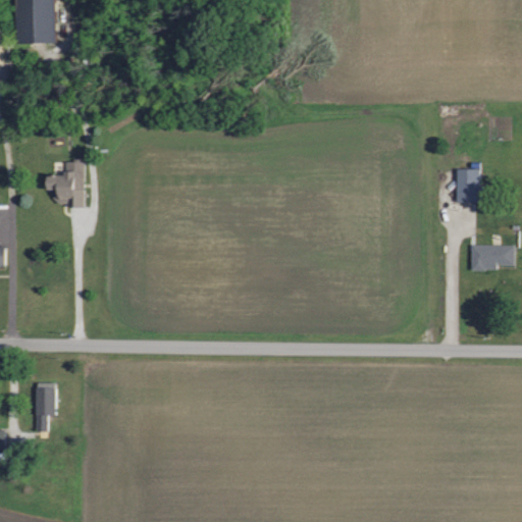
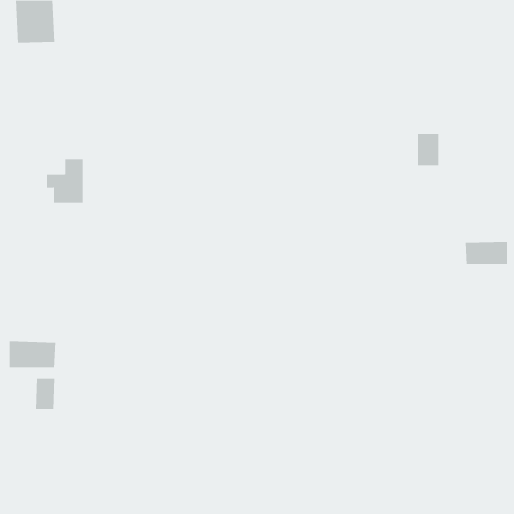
building: [457,169,479,202] -> [417,134,439,166]
building: none -> [9,341,56,368]

